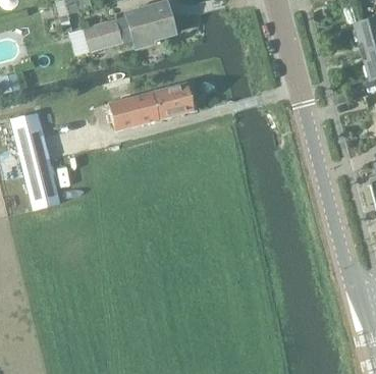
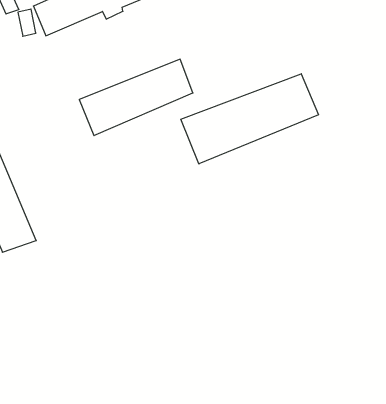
building: none -> [181,74,319,164]

